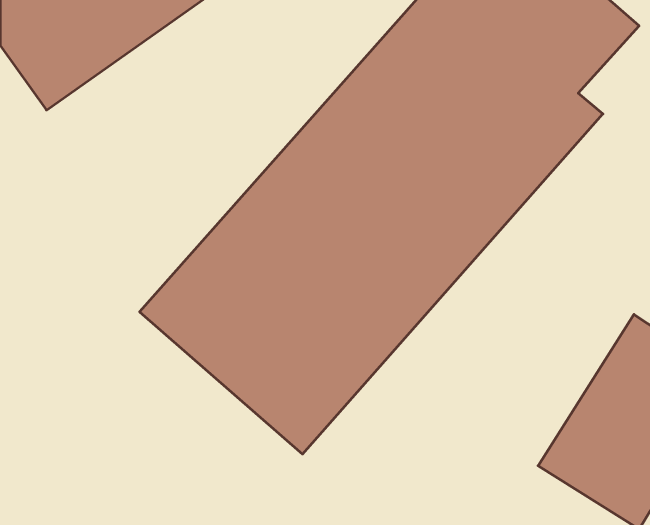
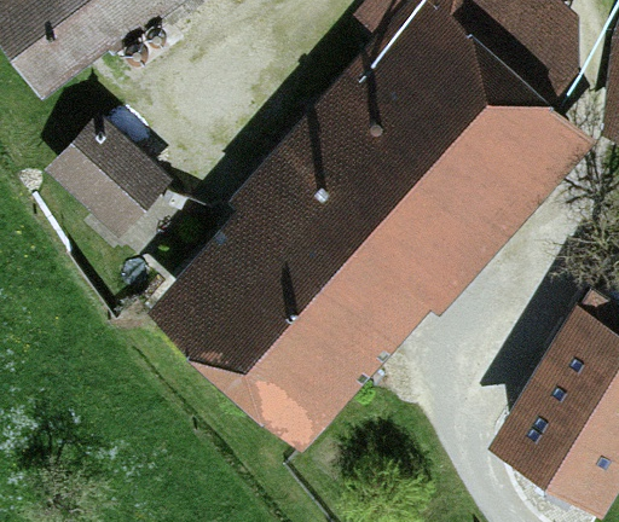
building: none -> [45,122,187,260]

